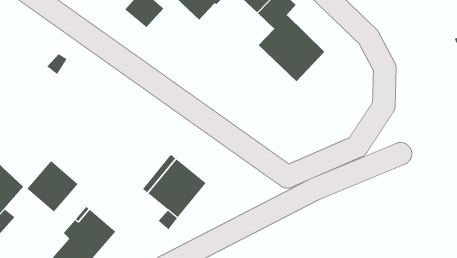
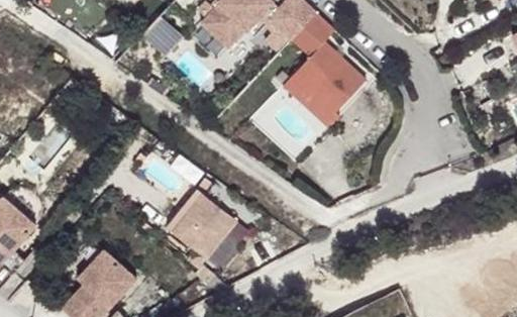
building: [26,160,79,212] -> none

